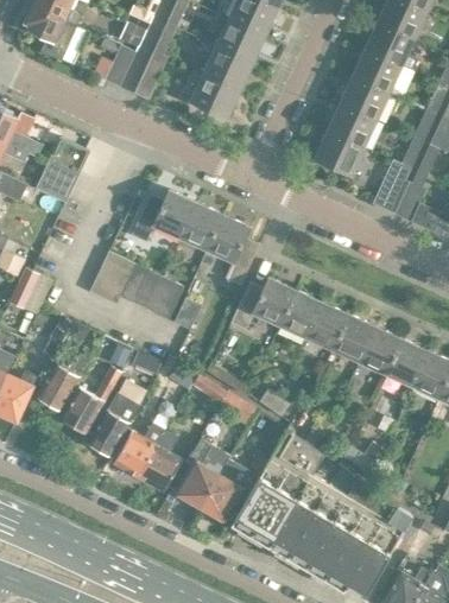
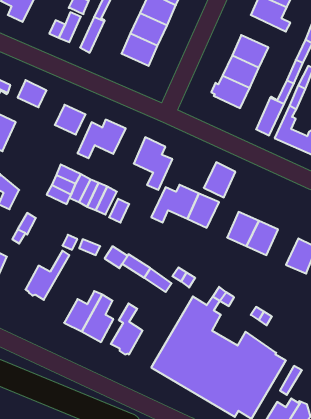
building: [352,50,412,100] -> none
building: [37,161,78,202] -> [55,105,86,135]
building: [179,203,222,250] -> none
building: [305,303,348,350] -> [204,162,235,197]
building: [386,339,429,387] -> none
building: [37,355,89,410] -> none
building: [87,394,139,457] -> none
building: [201,461,254,522] -> none

